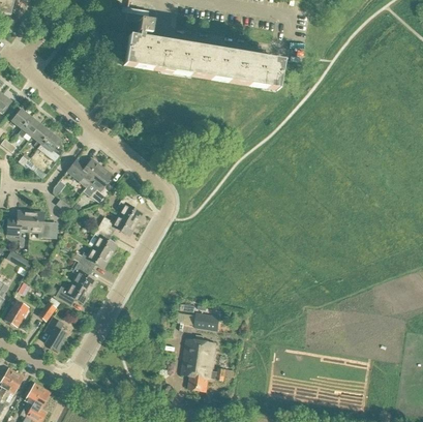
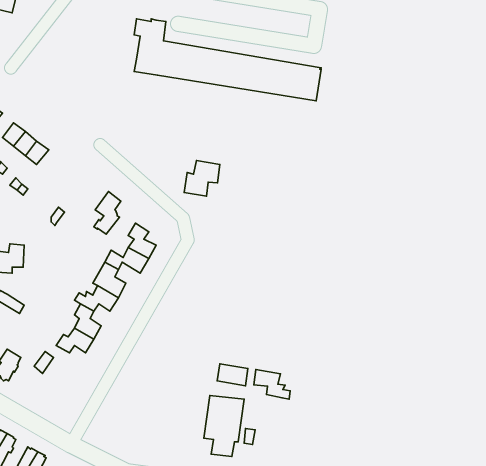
building: [37,130,63,160] -> none
building: none -> [184,161,220,196]
building: [66,157,101,181] -> none
building: [29,211,57,237] -> none
building: none -> [254,370,290,399]
building: [44,317,65,351] -> none

